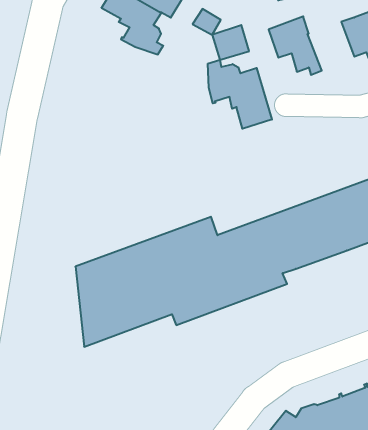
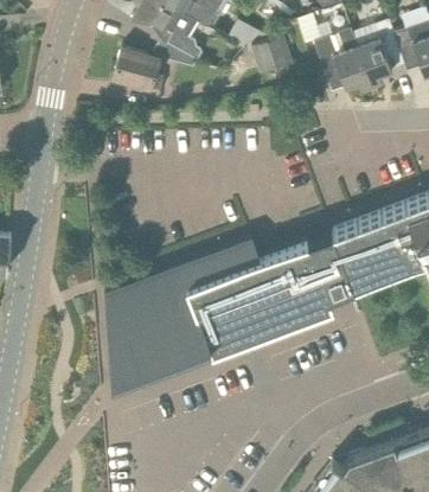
building: none -> [356,19,404,85]
building: none -> [111,45,162,94]
building: [208,60,272,129] -> none

